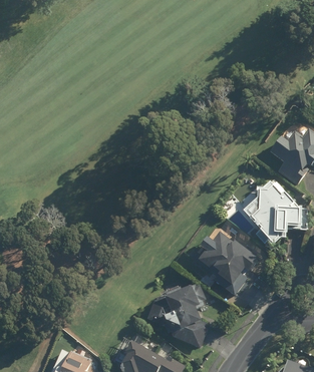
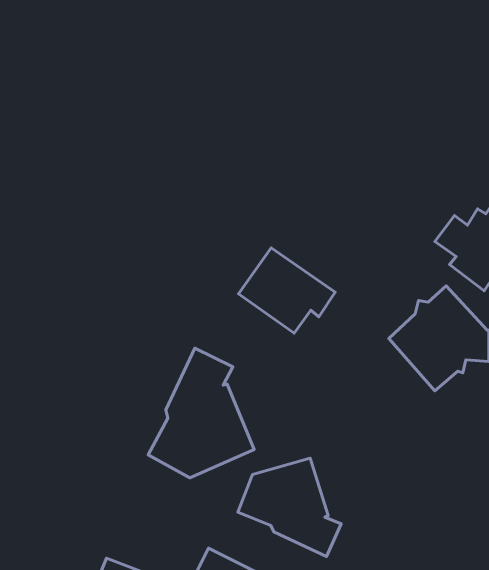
building: none -> [148,348,254,478]
building: [199,231,258,283] -> [239,248,335,333]

